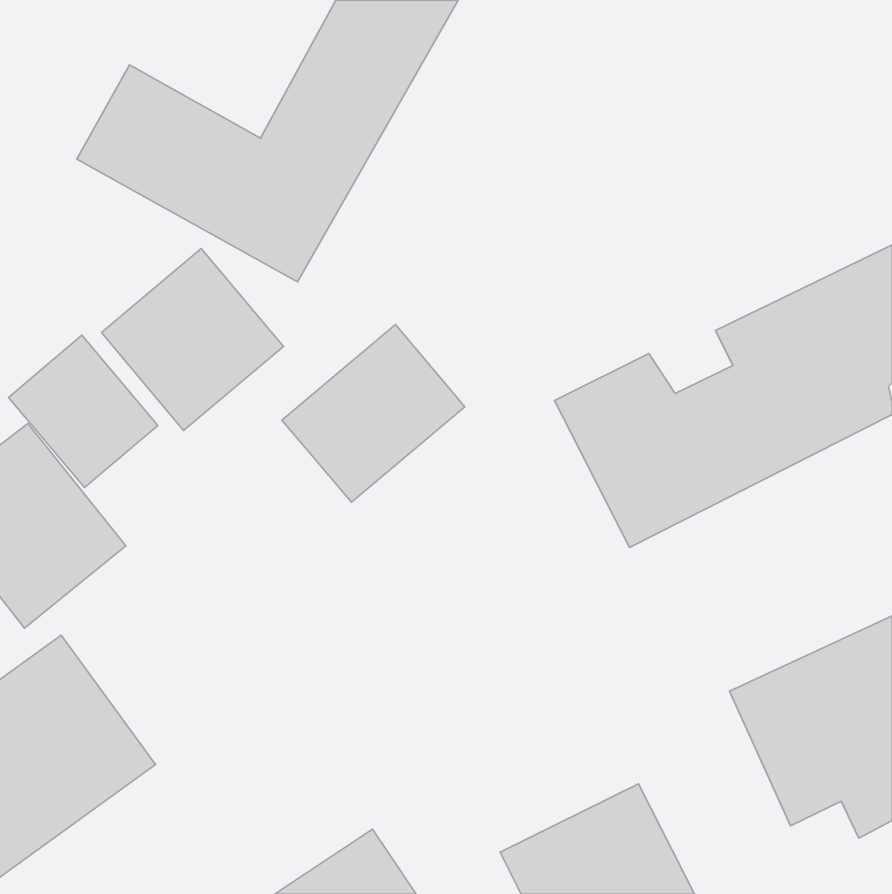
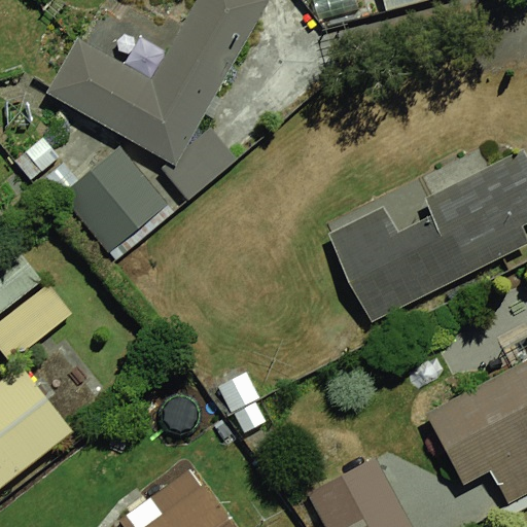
building: [282,325,465,502] -> none
building: [8,335,158,488] -> none

